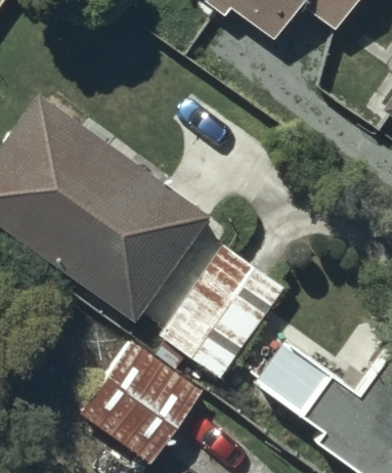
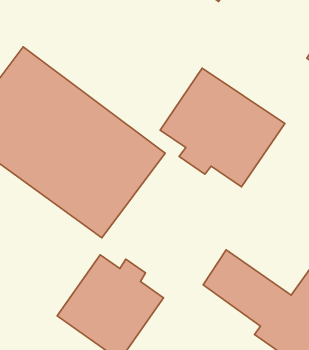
building: none -> [160,68,285,187]
building: [157,241,289,380] -> none

